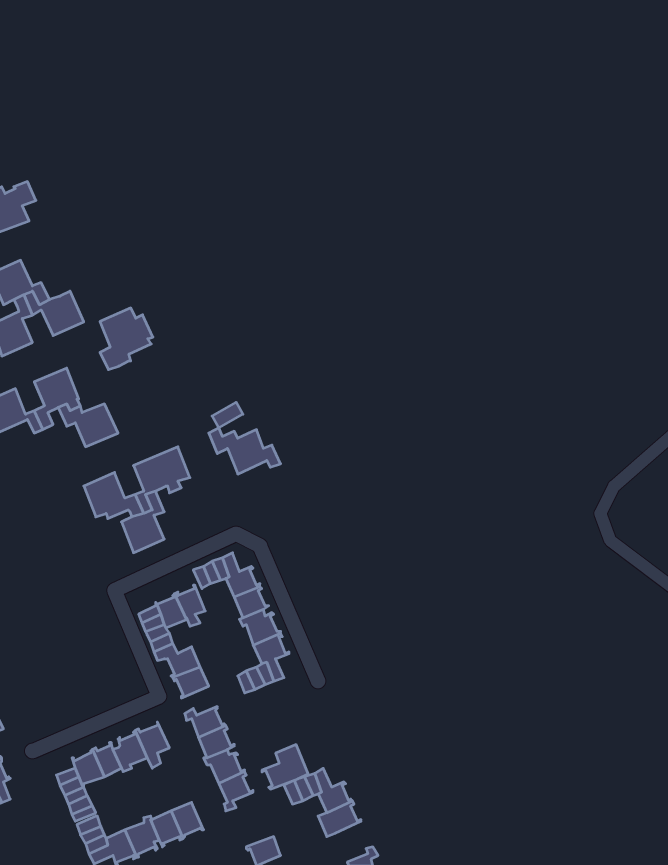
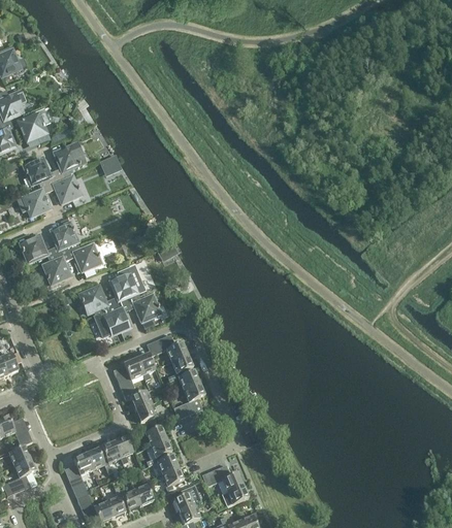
building: [100,308,153,370] -> [54,144,86,182]
building: none -> [42,246,69,284]
building: [209,428,281,474] -> [123,294,166,322]
building: [262,745,308,789] -> [172,485,200,512]

